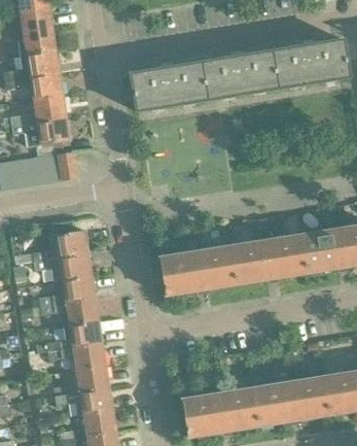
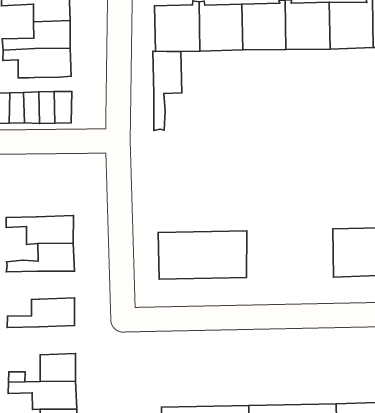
building: none -> [153,51,182,130]
building: [32,230,88,262] -> none
building: [231,234,308,283] -> none
building: [40,298,99,325] -> none
building: [47,342,106,370] -> none

